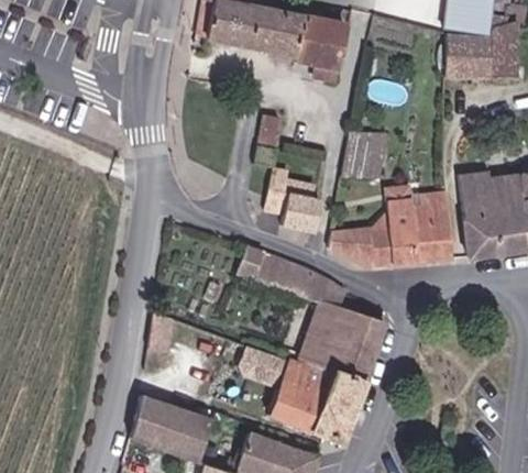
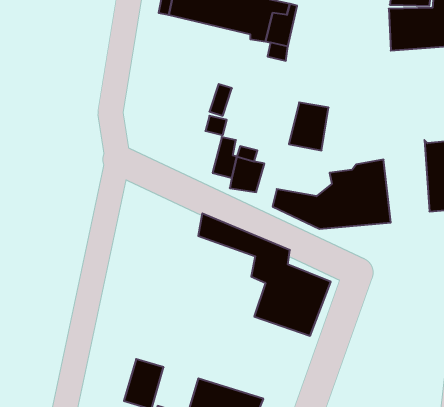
building: [458,172,494,251] -> none
building: [240,341,365,441] -> none
building: [128,396,177,453] -> none

